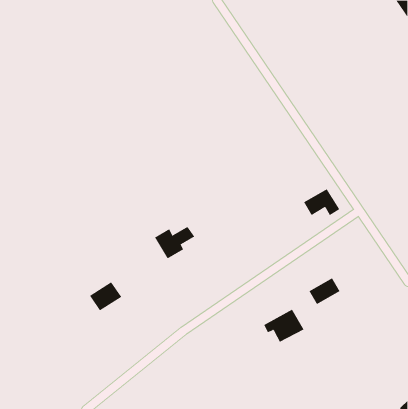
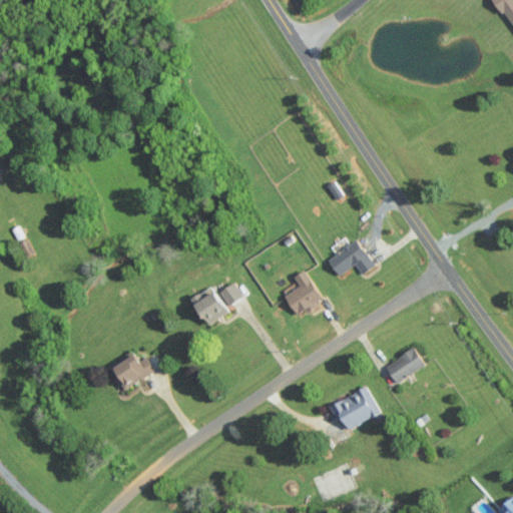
building: [303,188,340,216] -> [328,240,374,275]
building: none -> [285,270,321,317]

